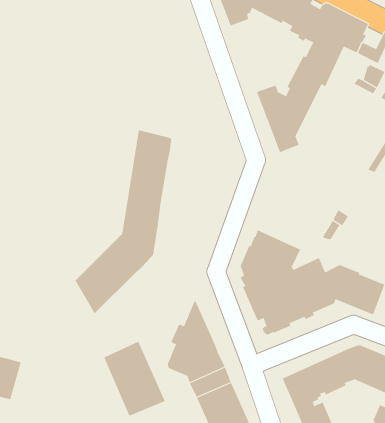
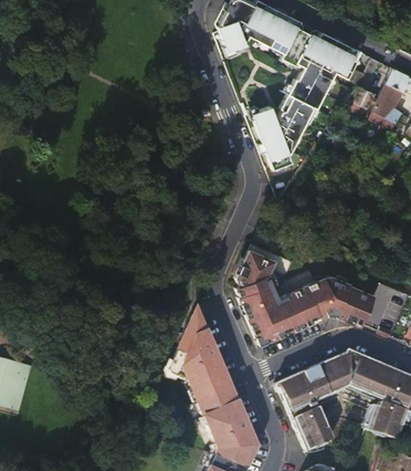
building: [75,129,172,314] -> none
building: [103,341,166,417] -> none

